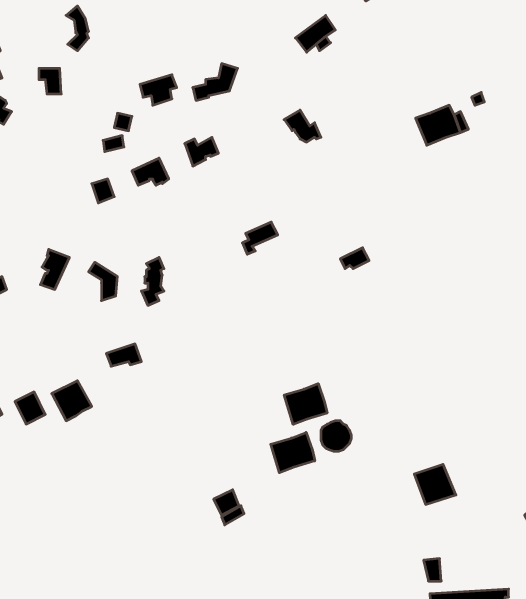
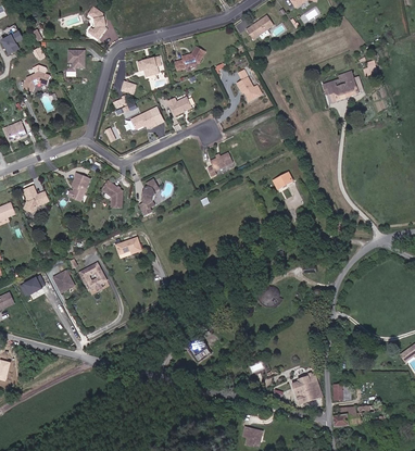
building: [284,384,327,424] -> none
building: [271,432,315,473] -> none
building: [414,464,456,504] -> [294,376,323,403]

